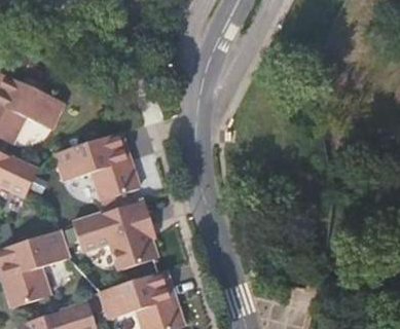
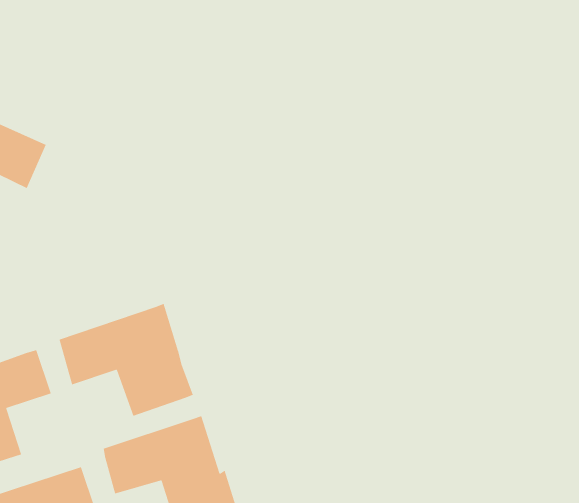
building: [54,131,140,203] -> none

